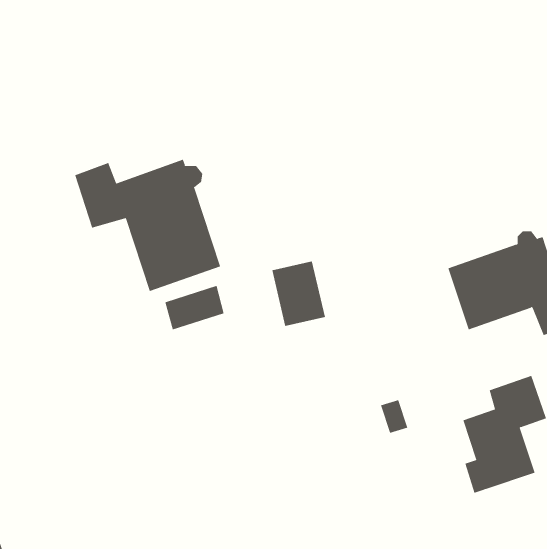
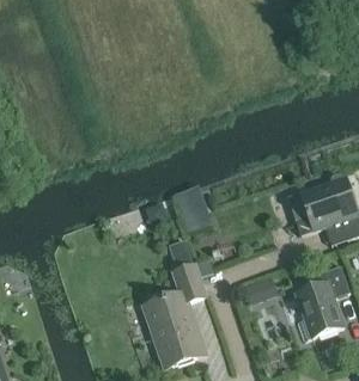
building: [74,159,221,292] -> none
building: none -> [145,264,206,367]

